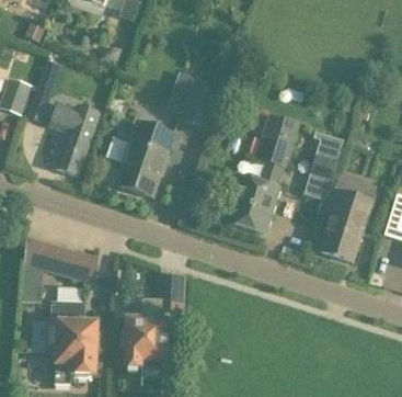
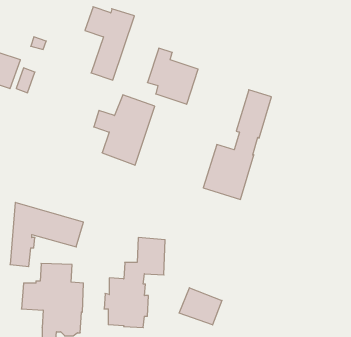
building: [48,103,101,181] -> [85,7,134,80]
building: [303,132,342,201] -> none
building: [321,188,375,262] -> none
building: none -> [179,288,222,325]

